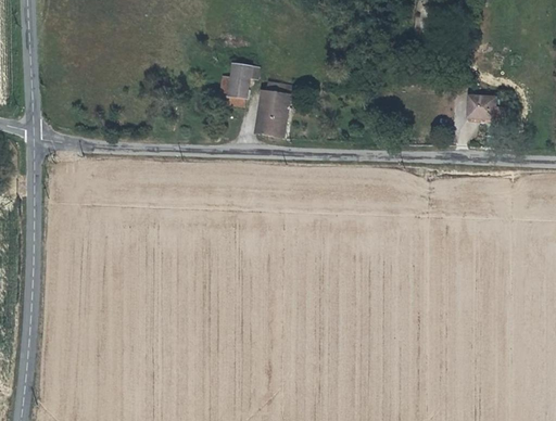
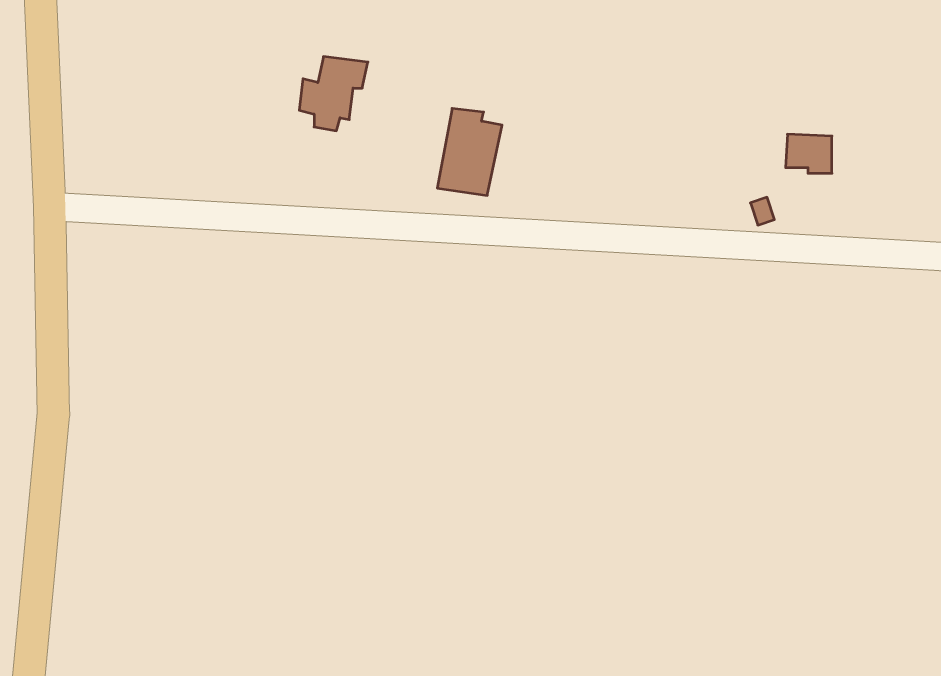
building: [218,61,258,104] -> [299,57,368,131]

